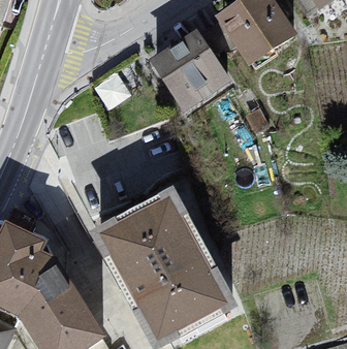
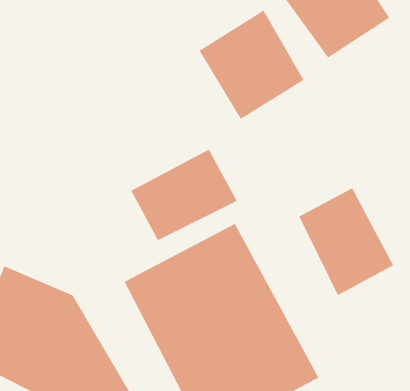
building: none -> [130,149,238,241]
building: none -> [298,187,394,296]

